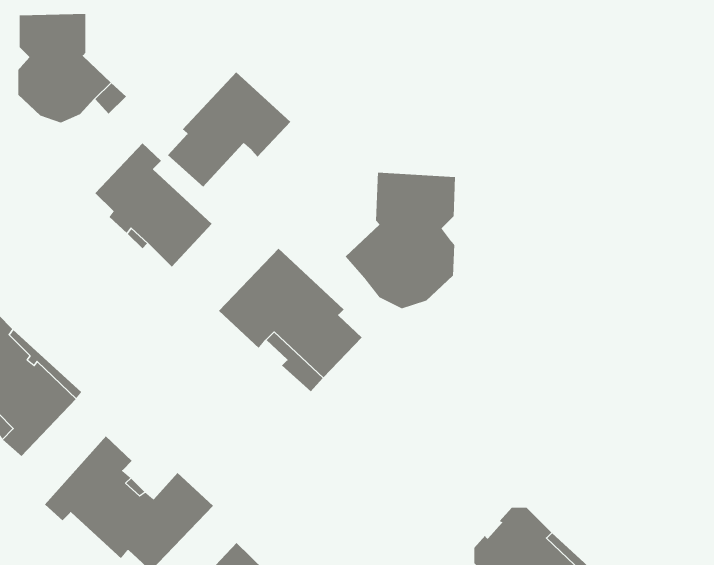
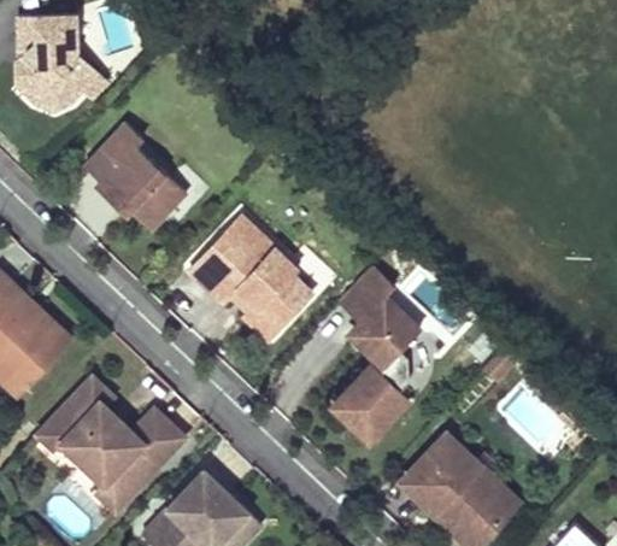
building: [167,72,291,187] -> none
building: [345,172,456,309] -> none
building: none -> [333,264,421,440]

